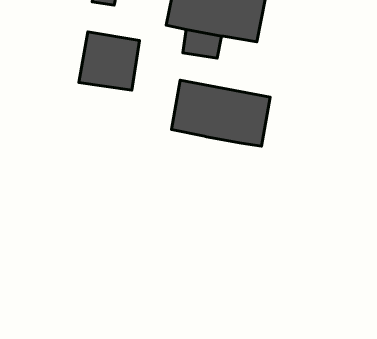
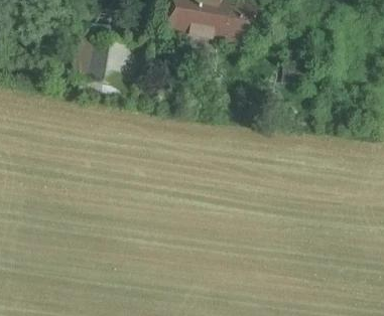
building: [172,80,270,146] -> none

